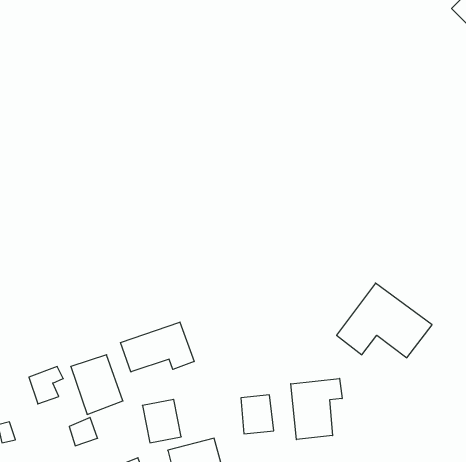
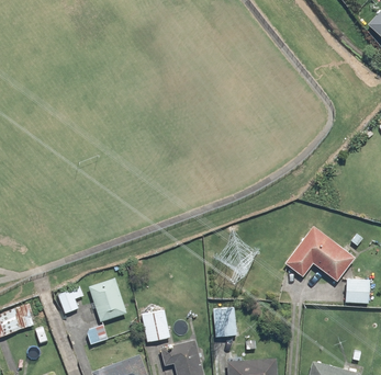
building: [120,322,194,372] -> none
building: none -> [345,279,370,303]
building: [291,378,342,440] -> none

